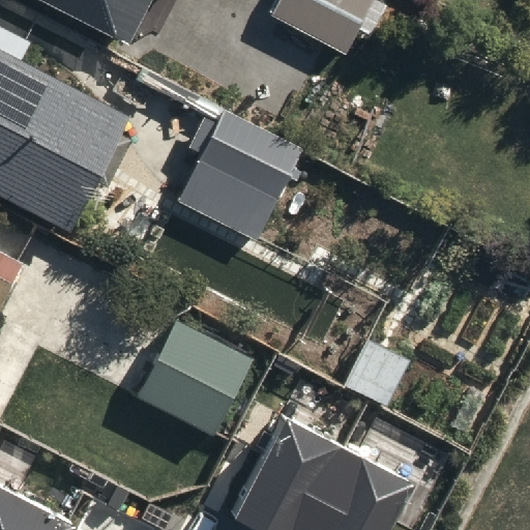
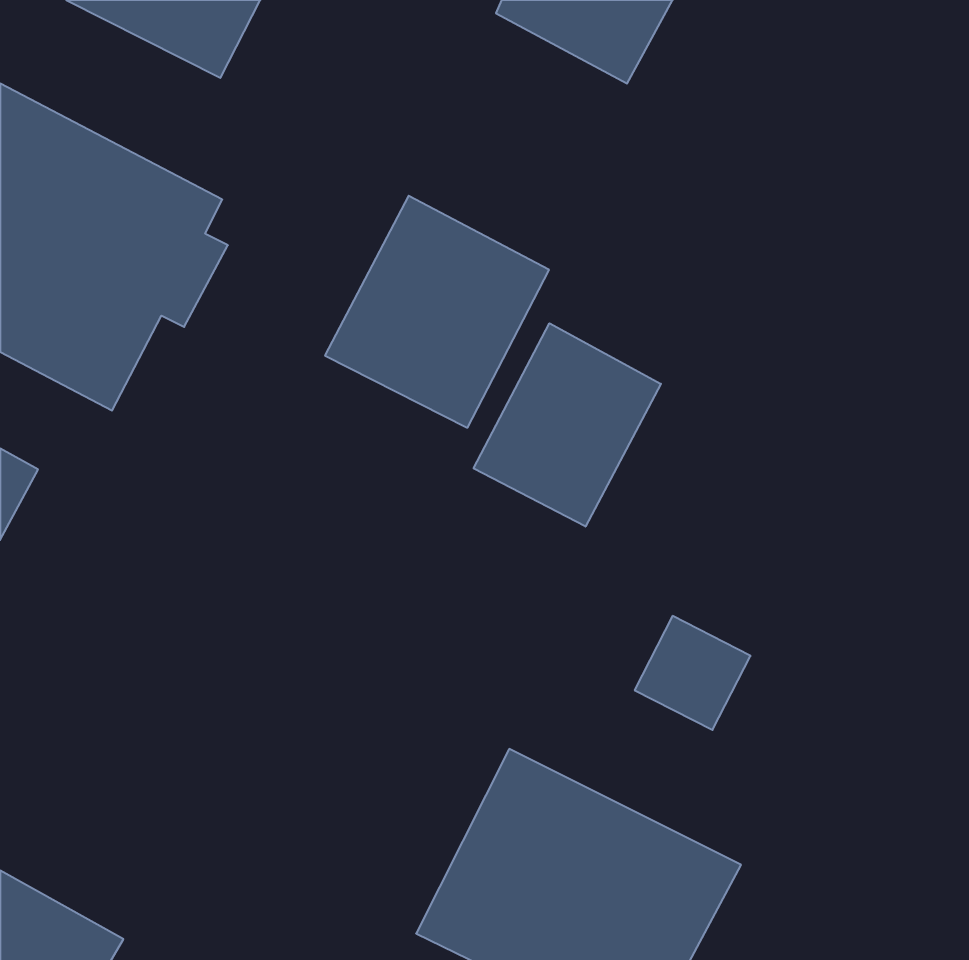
building: none -> [474,323,661,527]
building: [137,321,252,435] -> none

